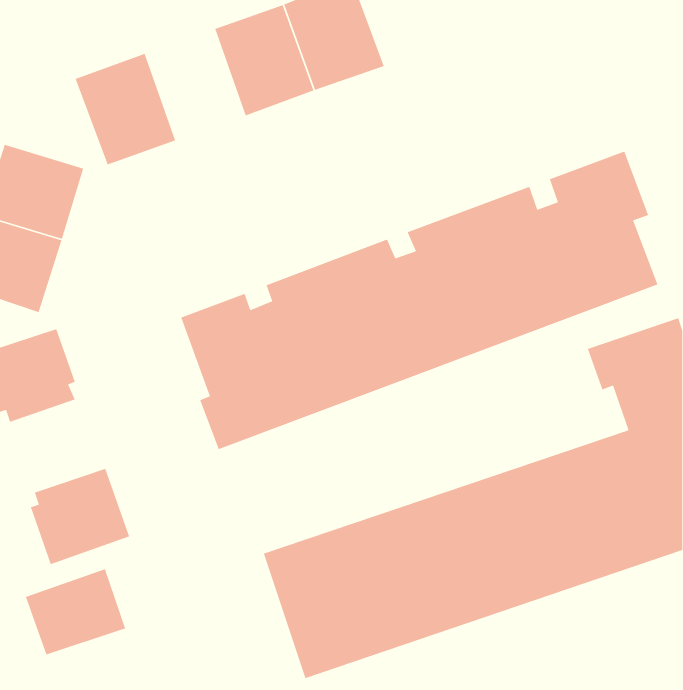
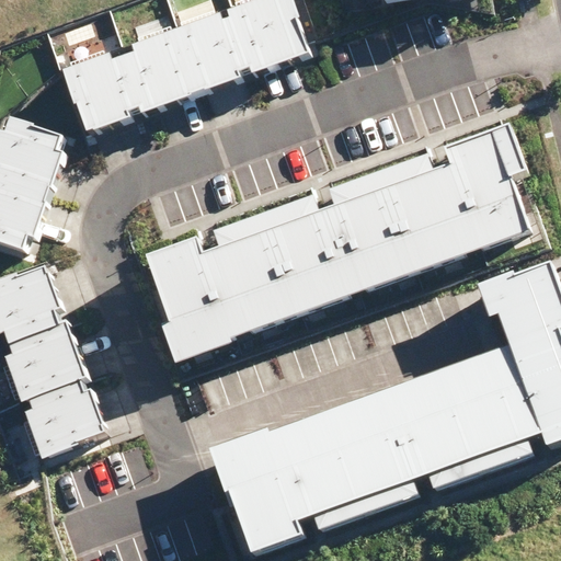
building: none -> [117,23,198,114]
building: none -> [4,321,85,400]
building: [25,568,126,656] -> none

